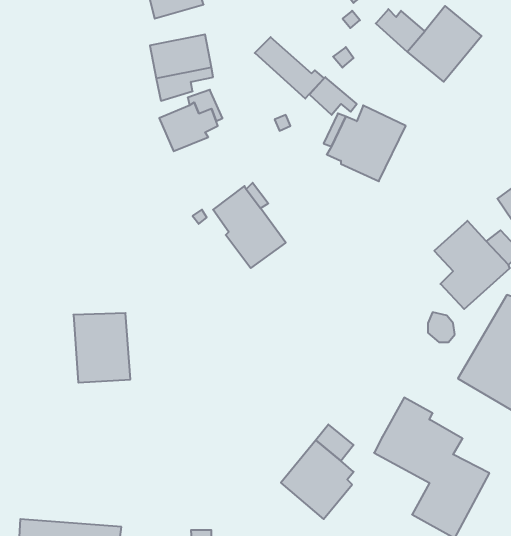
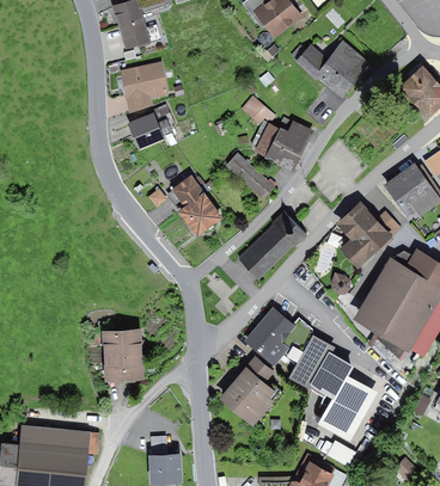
building: [255,37,324,99] -> [225,152,277,198]
building: none -> [239,211,306,277]
building: [73,313,130,383] -> [100,330,143,382]
building: none -> [244,307,312,365]

